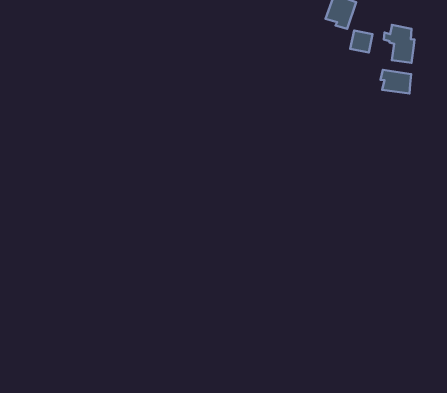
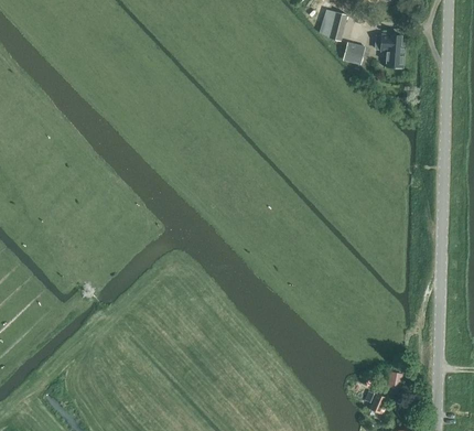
building: [381,70,411,93] -> none

